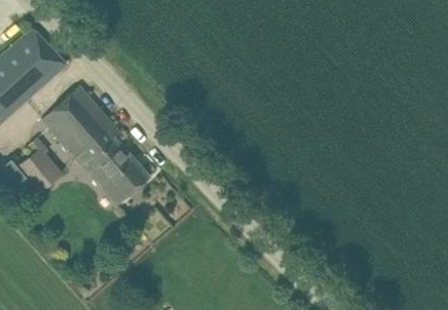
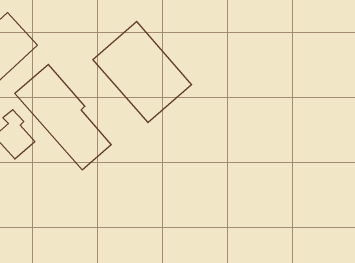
building: none -> [93,21,192,123]

